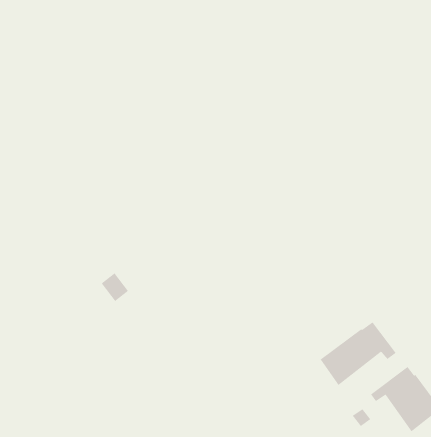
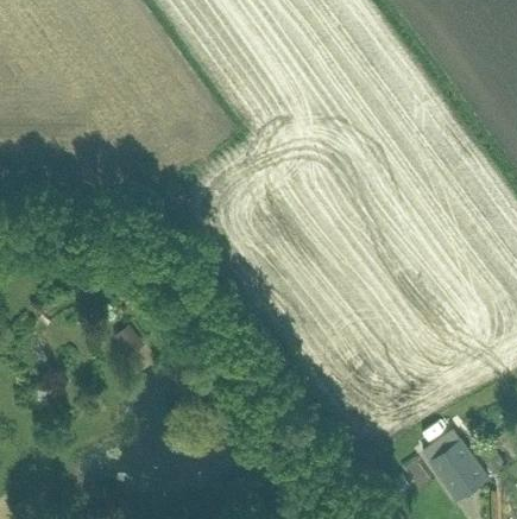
building: [320,321,396,386] -> none

